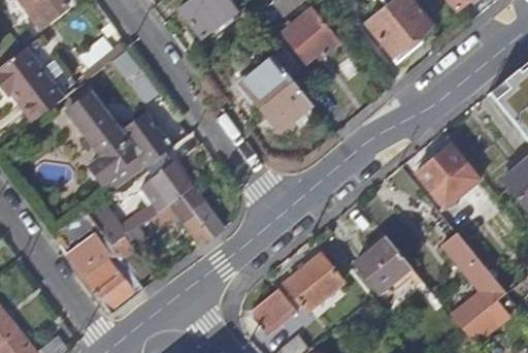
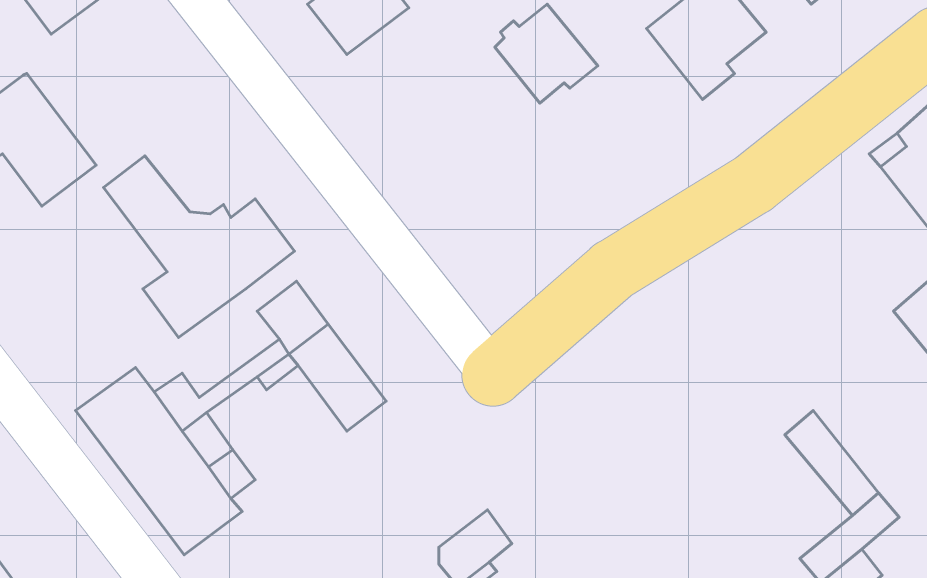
building: [242,58,311,130] -> none
building: [417,143,481,206] -> none
building: [355,236,412,293] -> none
building: [286,254,344,311] -> none

